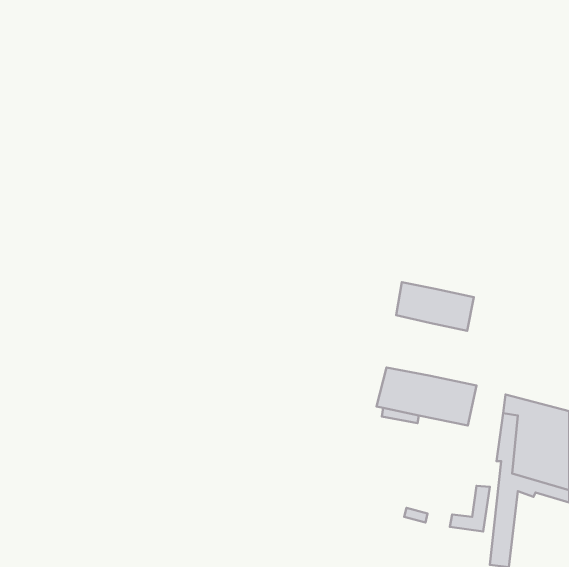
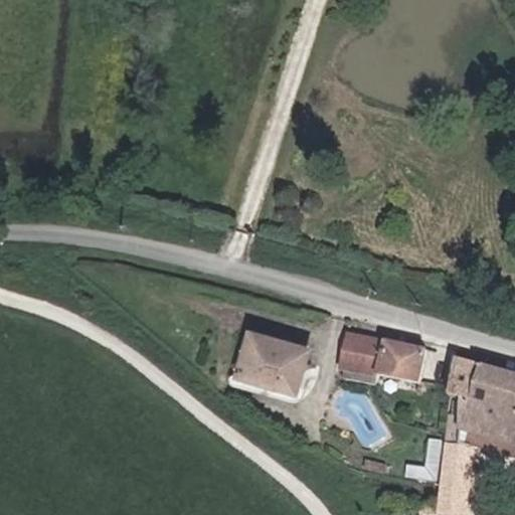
building: [396,282,474,331] -> none
building: none -> [234,329,305,389]

